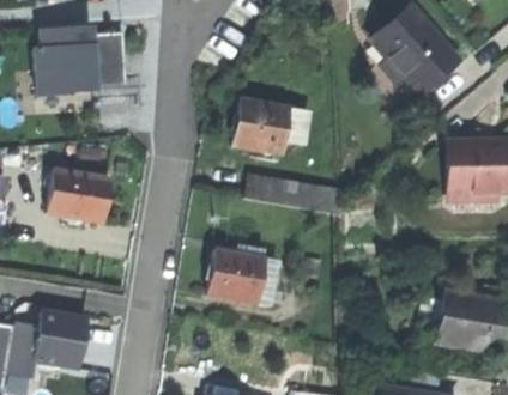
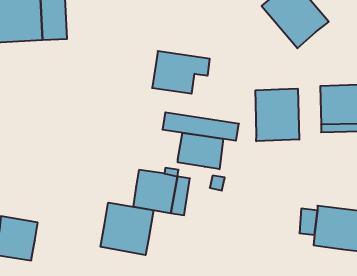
building: none -> [256,89,299,141]
building: [50,170,110,220] -> none
building: none -> [178,133,223,169]
building: none -> [100,203,153,255]

